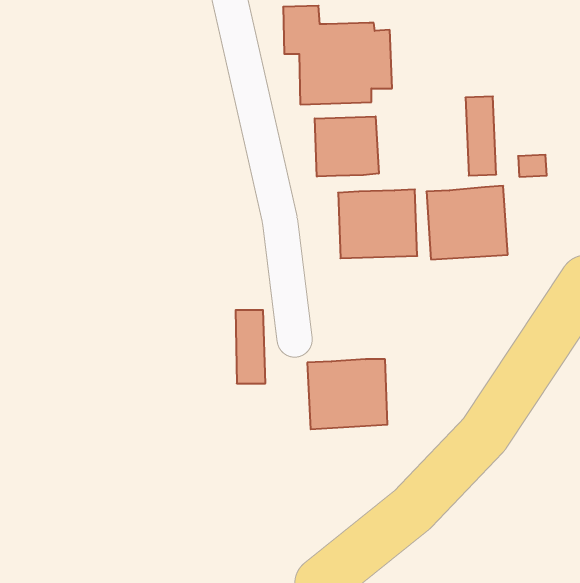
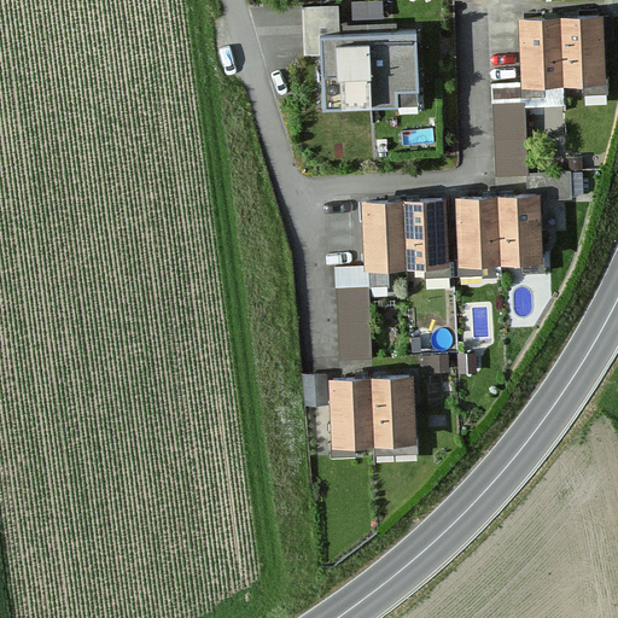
building: none -> [518,18,605,91]
building: [315,116,379,177] -> none
building: [236,310,265,383] -> [340,290,372,367]

